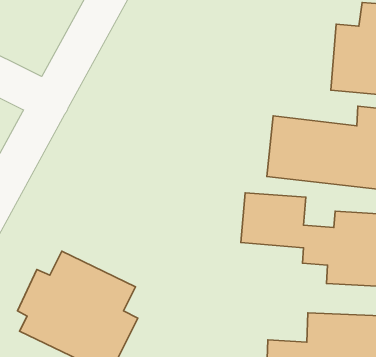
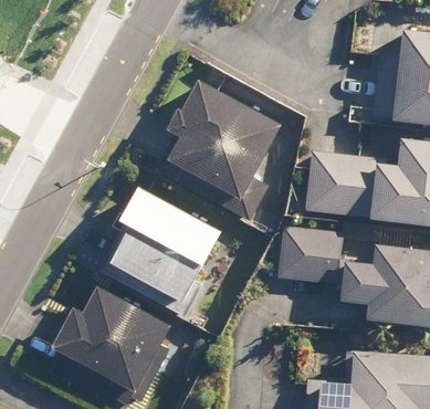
building: none -> [157,80,282,222]
building: none -> [101,186,223,316]

